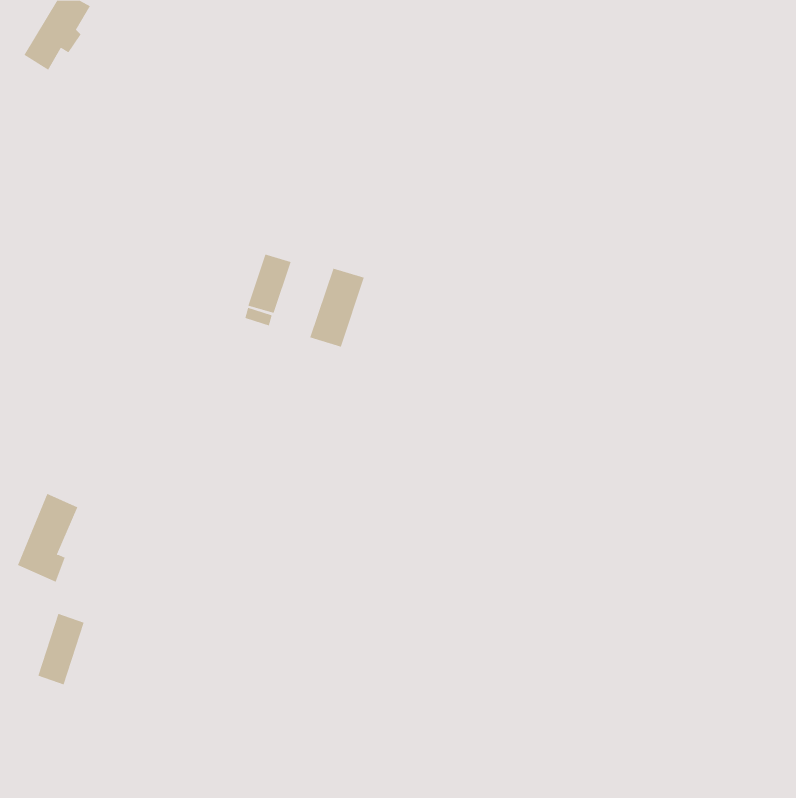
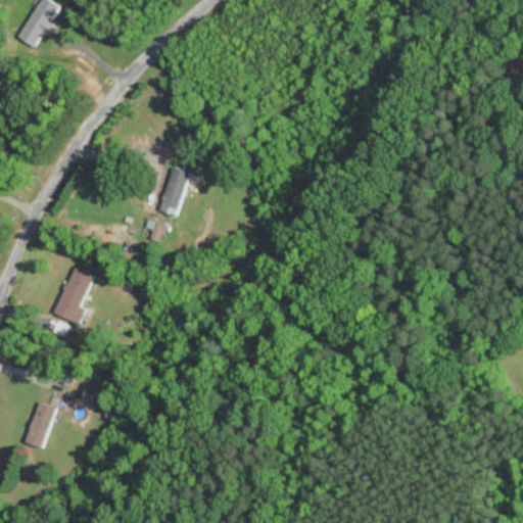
building: [310,268,364,347] -> none
building: [17,493,78,583] -> [53,267,93,325]

